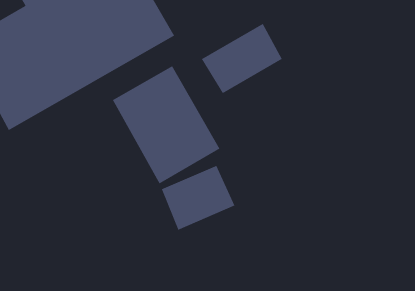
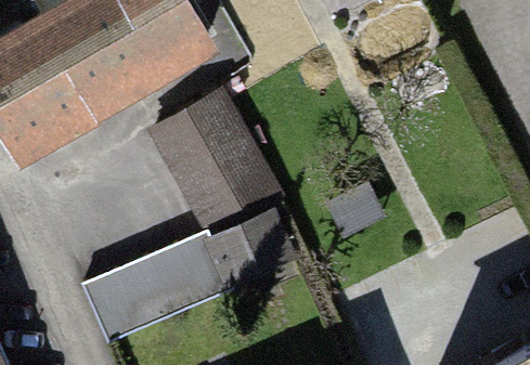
building: [201,23,283,94] -> none
building: none -> [83,233,230,342]

